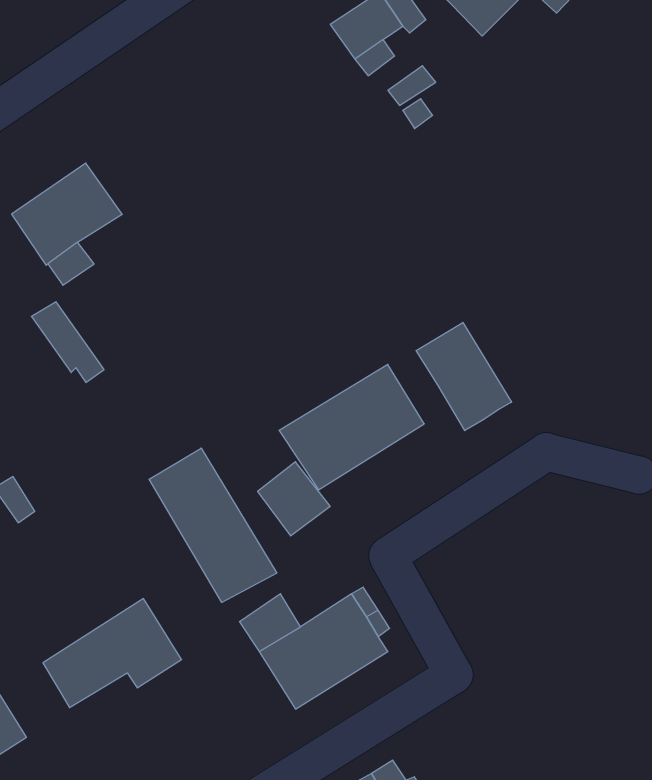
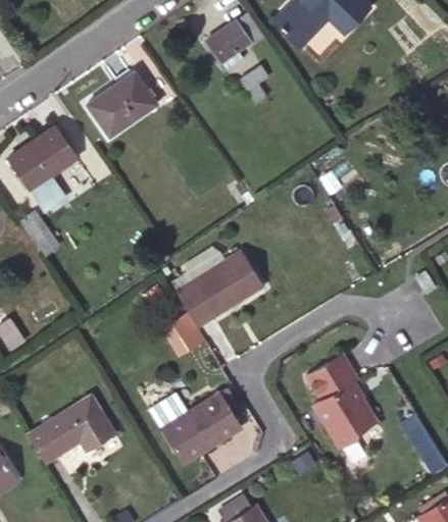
building: none -> [87,72,157,138]
building: [416,322,512,431] -> none
building: [149,448,277,602] -> none
building: none -> [305,354,376,446]

